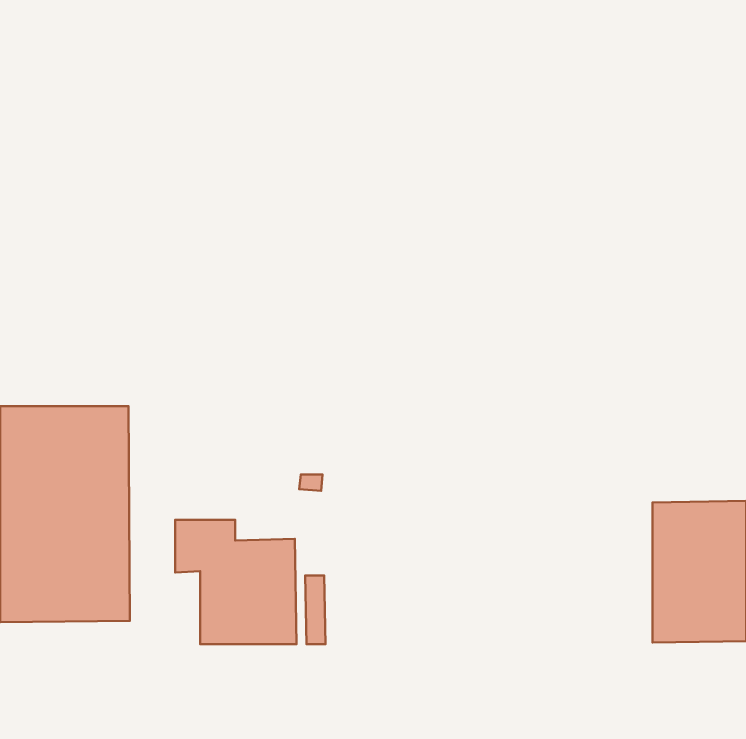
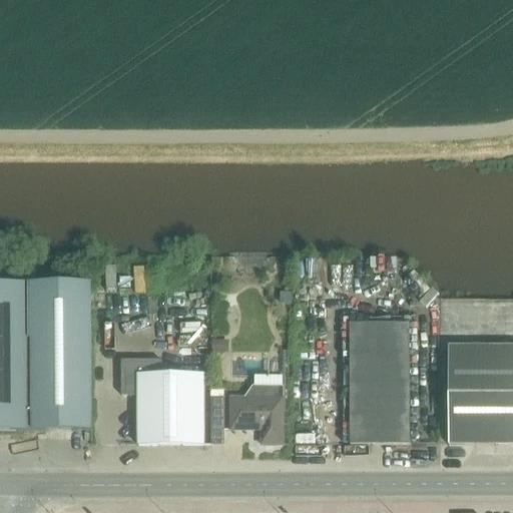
building: none -> [348,321,409,441]
building: none -> [230,382,282,442]

